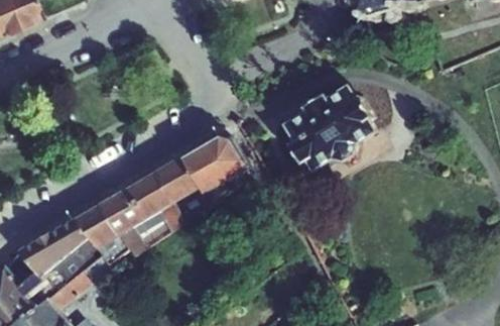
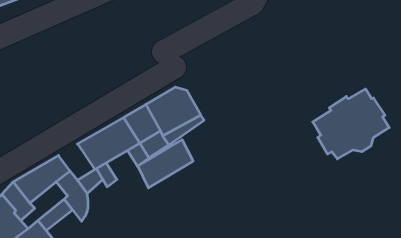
building: [283,85,377,171] -> [313,89,389,159]
building: none -> [138,140,193,188]
building: [74,204,118,248] -> none
building: [27,250,85,308] -> none

